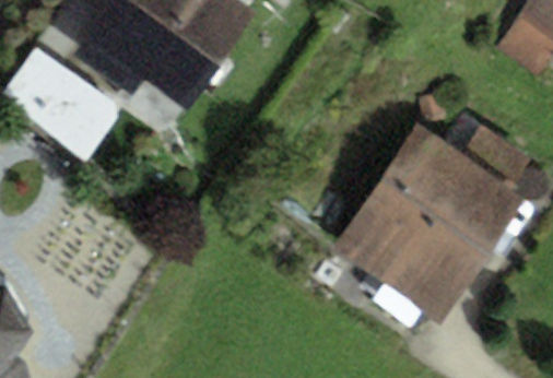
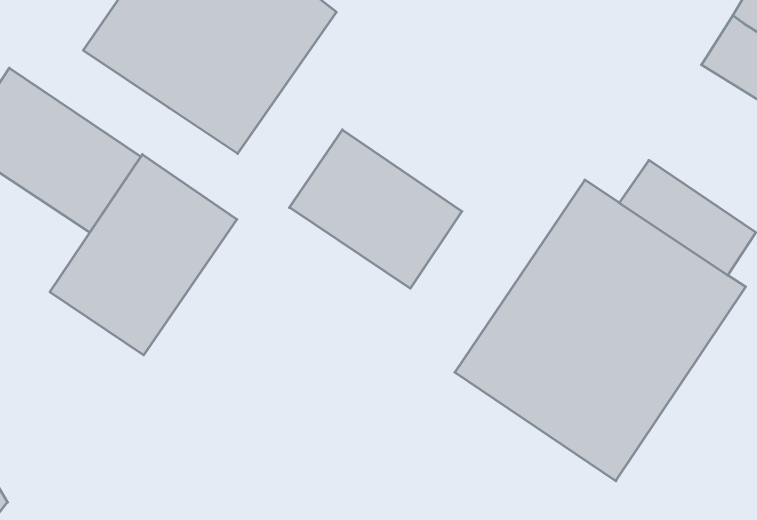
building: none -> [289,130,462,288]
building: none -> [50,154,237,355]

